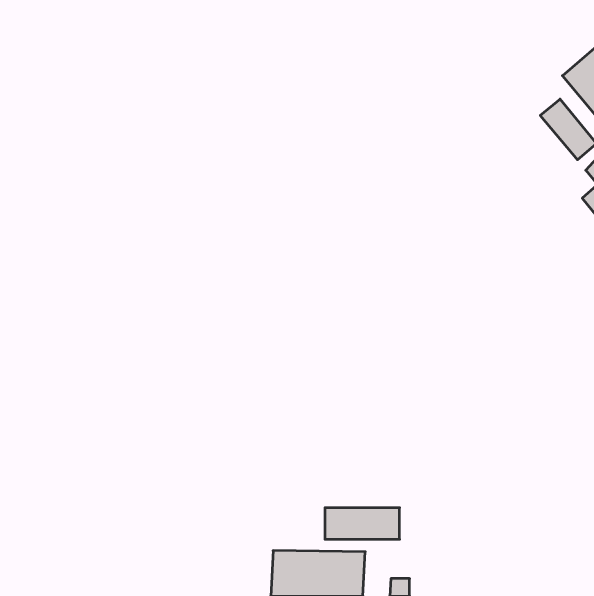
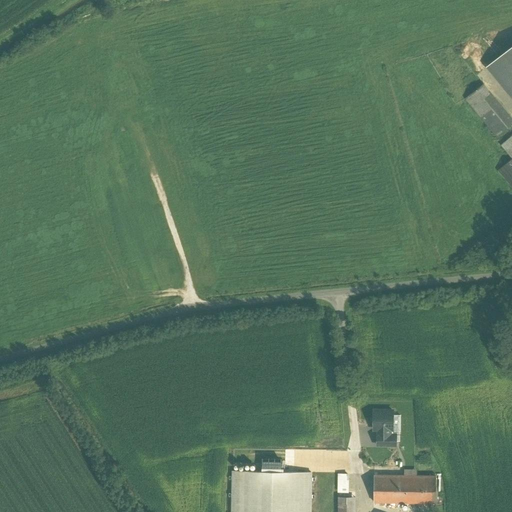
building: none -> [370,411,395,445]
building: [325,508,400,539] -> [374,477,438,504]

